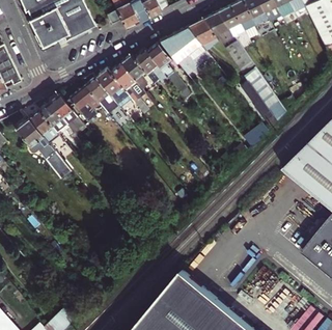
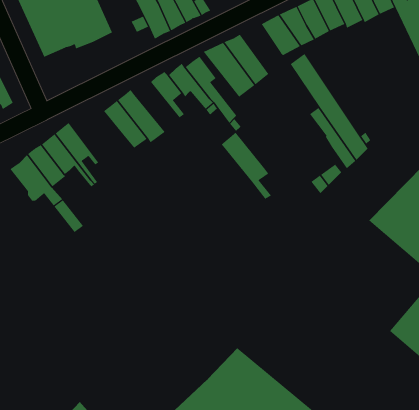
building: [190,19,220,49] -> none
building: [111,62,149,113] -> [221,132,272,200]
building: [72,84,102,114] -> none

